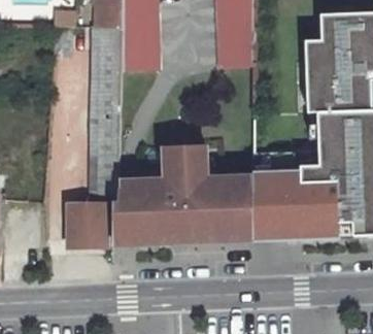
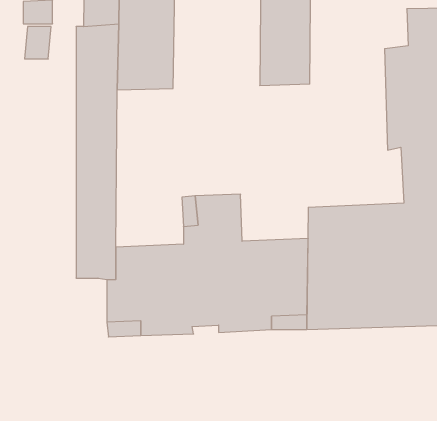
building: [67,202,105,247] -> none

